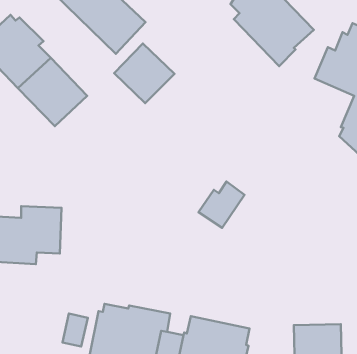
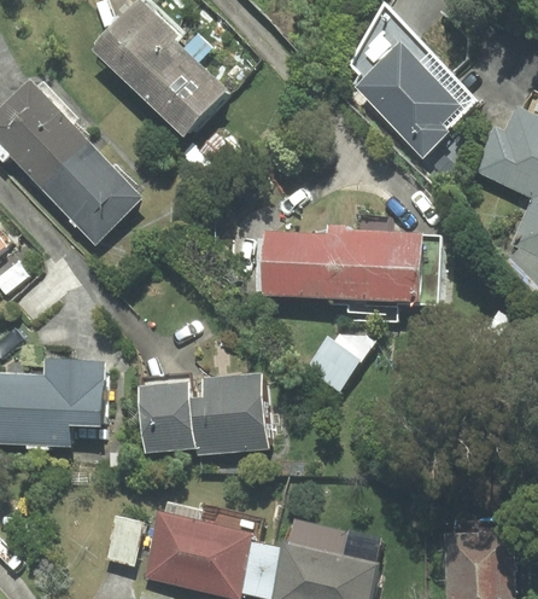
building: [114,44,175,103] -> none
building: none -> [256,228,443,322]
building: none -> [138,373,267,454]

